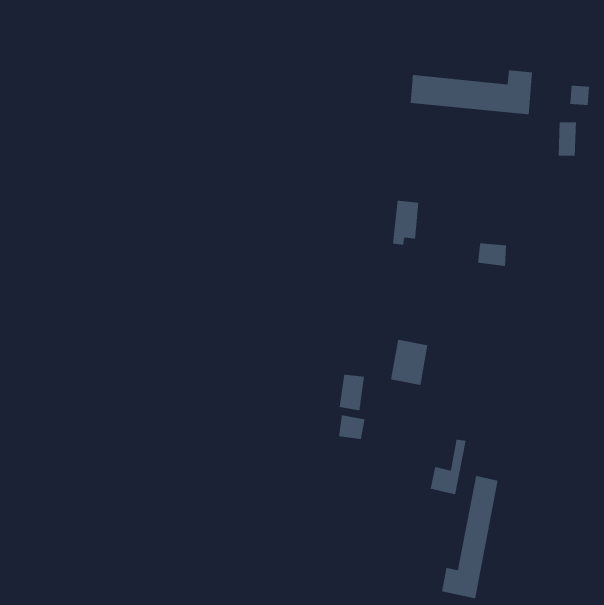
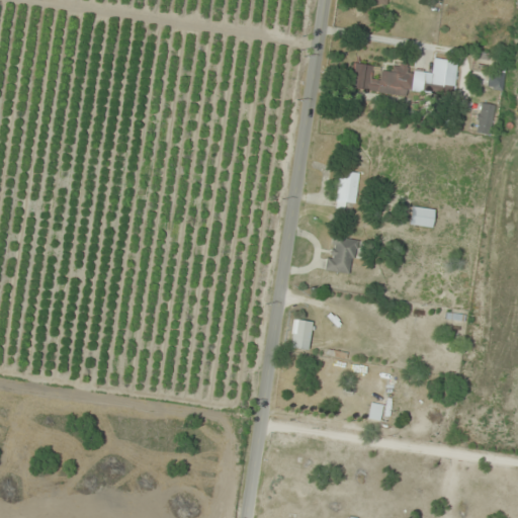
building: [390,339,428,385] -> [326,236,358,275]
building: [339,415,365,440] -> none
building: [441,475,498,599] -> none

